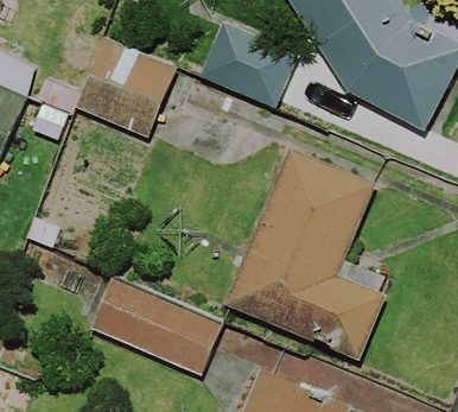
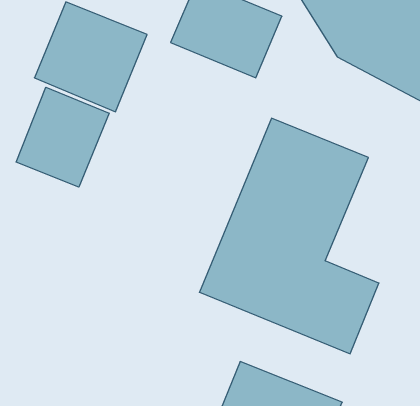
building: none -> [16,87,109,187]
building: [91,277,223,374] -> none

